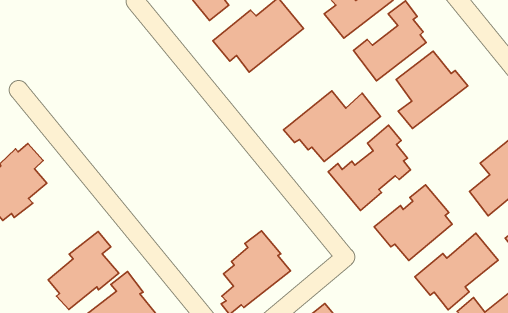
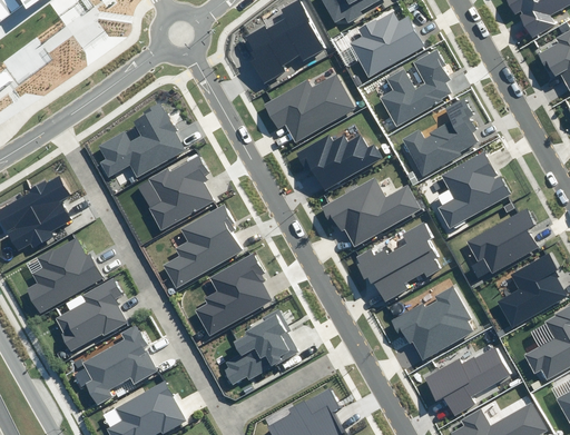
building: none -> [294,134,381,190]
building: none -> [99,105,185,178]
building: none -> [466,208,538,271]
building: none -> [147,157,210,227]
building: none -> [161,202,240,288]
building: none -> [194,253,272,337]
building: none -> [24,239,106,315]

